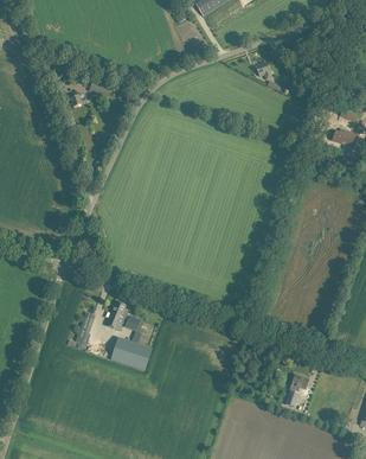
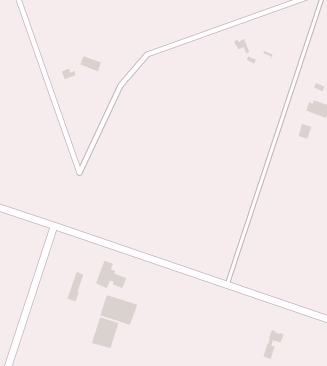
building: none -> [91,316,119,349]

